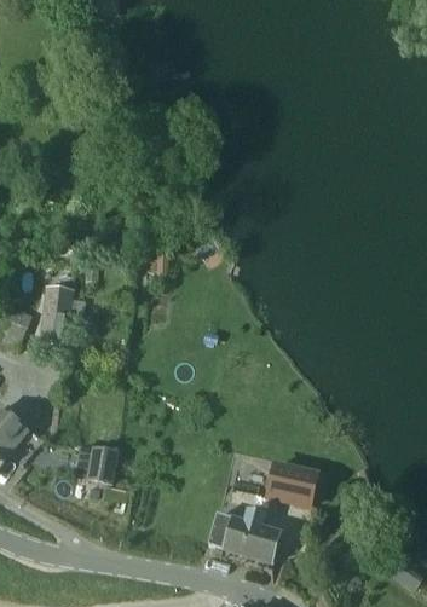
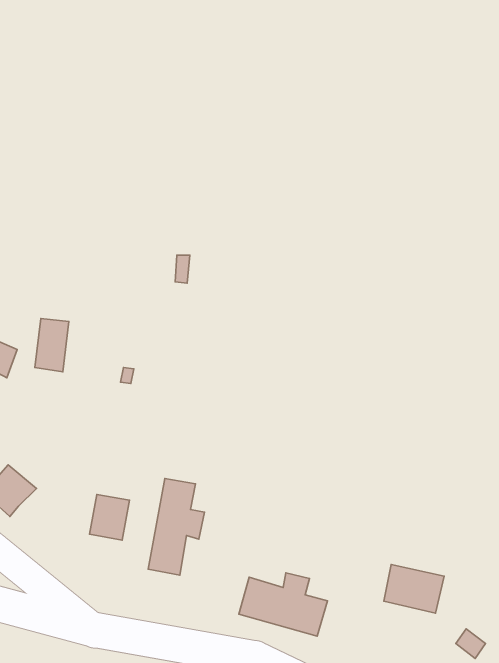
building: none -> [148,479,204,575]
building: [267,464,317,504] -> [384,564,444,613]

